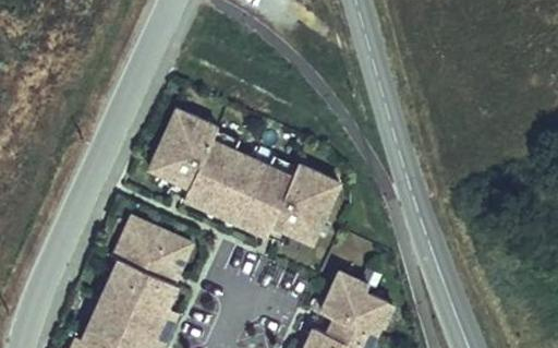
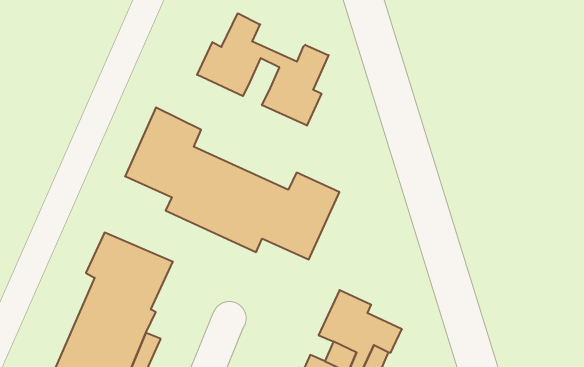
building: none -> [197,13,329,126]

